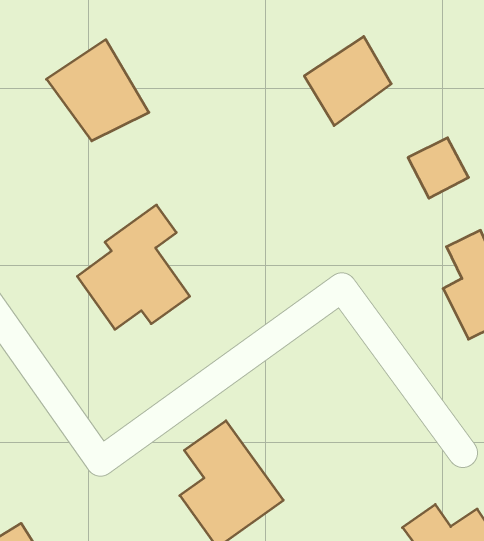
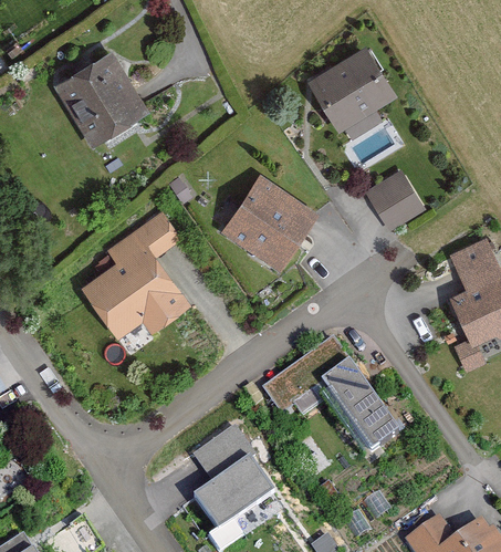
building: [408,138,469,198] -> [366,169,427,230]
building: none -> [218,173,319,271]
building: none -> [265,340,400,457]

